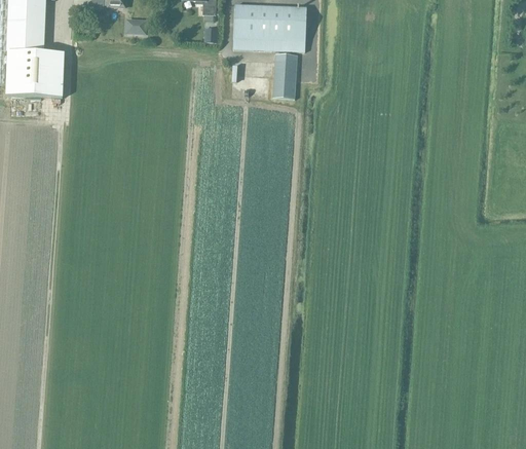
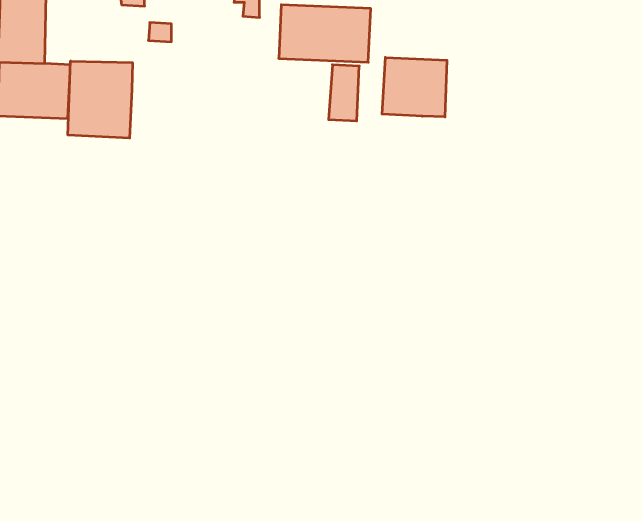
building: none -> [382,57,447,117]
building: none -> [68,61,132,138]

